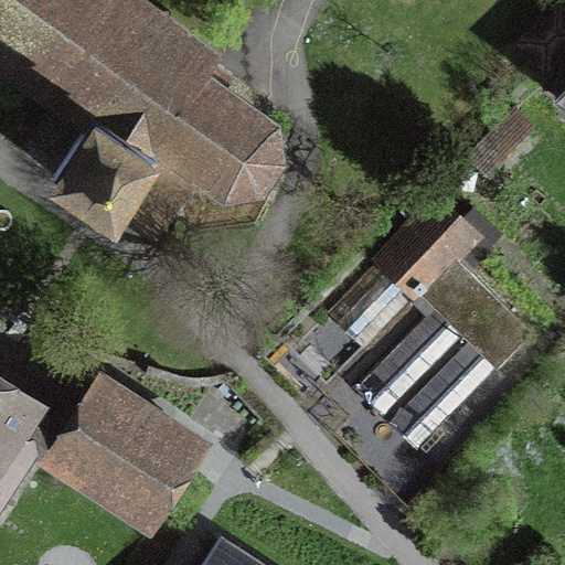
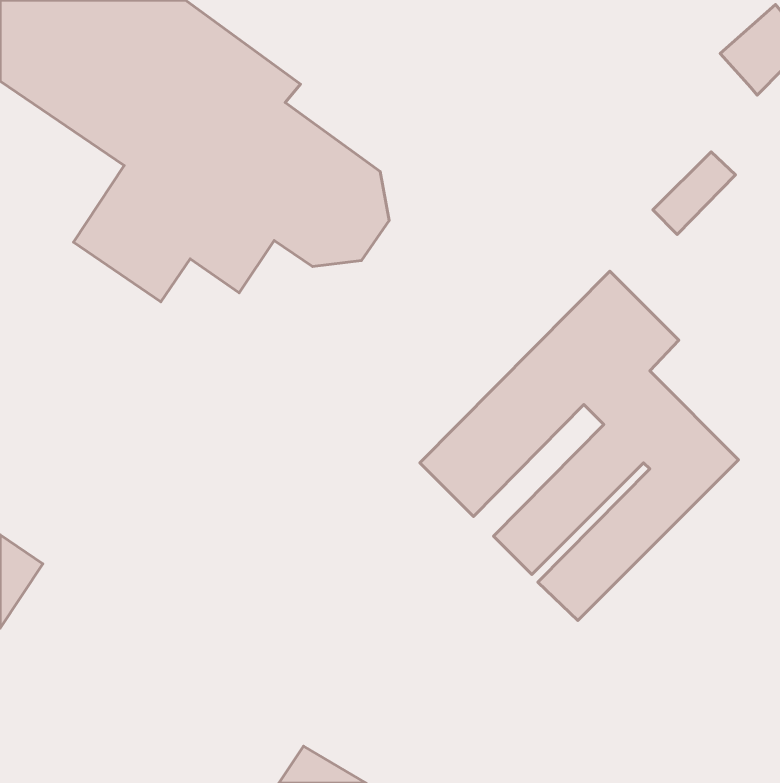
building: [70,395,185,501] -> none

